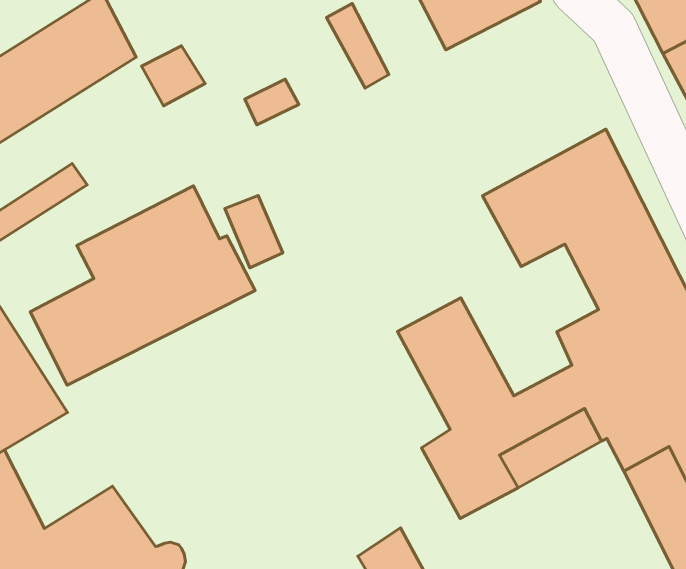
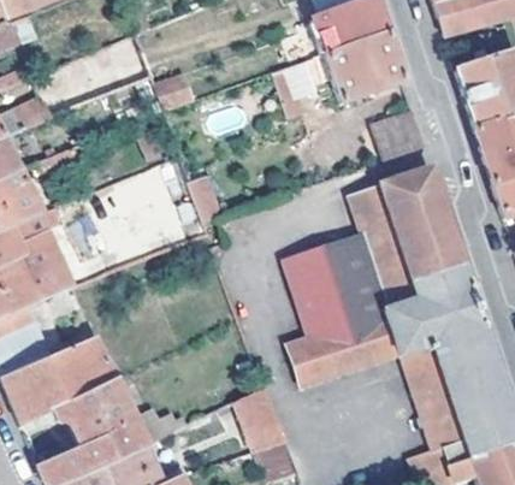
building: none -> [371,108,424,161]
building: none -> [325,231,408,319]

